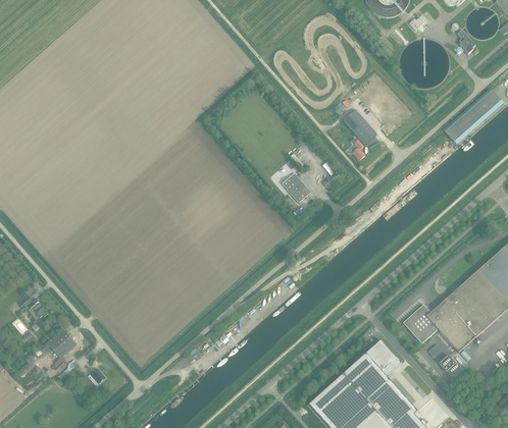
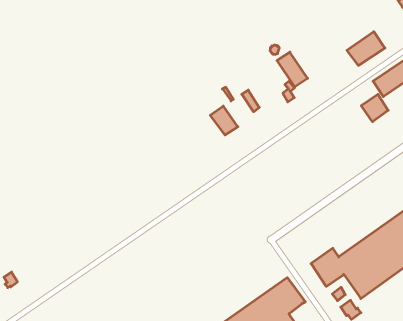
building: none -> [347,32,385,65]
building: none -> [361,94,388,122]

